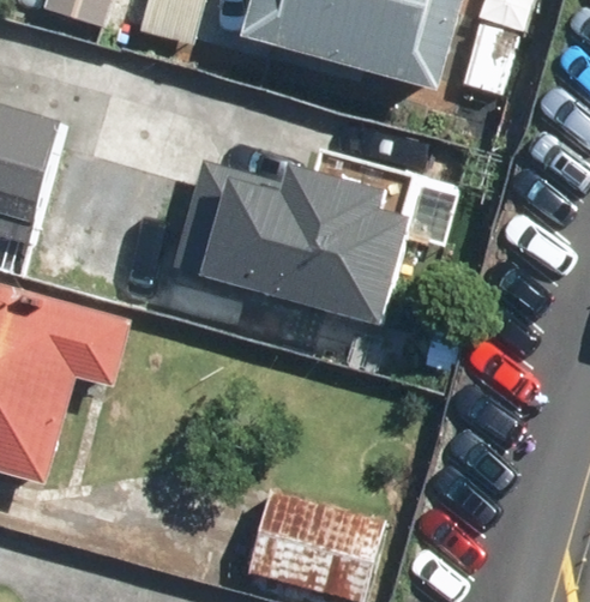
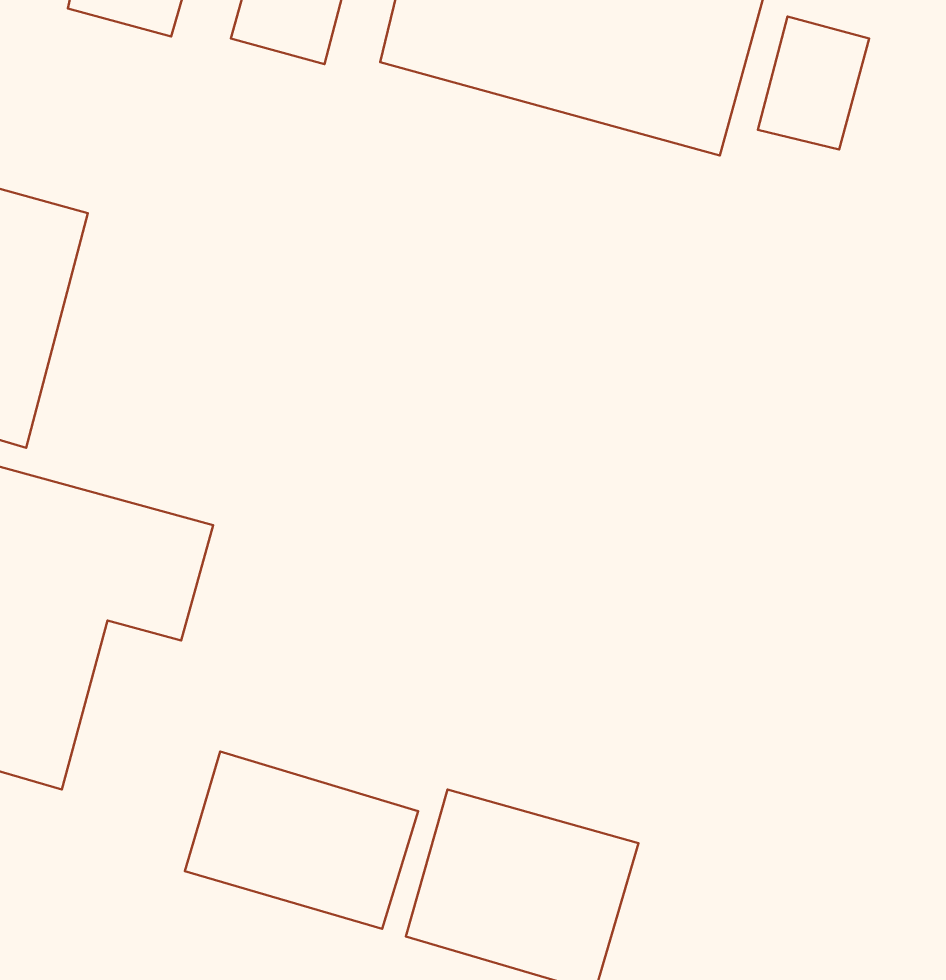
building: [173,155,403,326] -> none
building: none -> [185,751,418,929]

